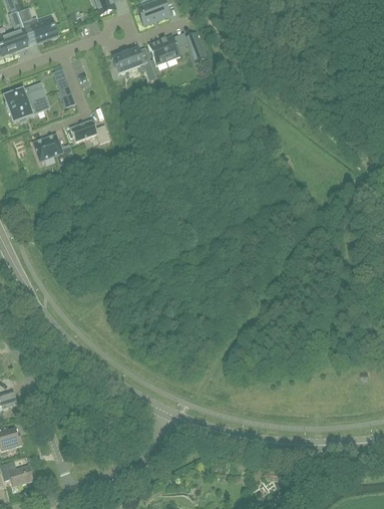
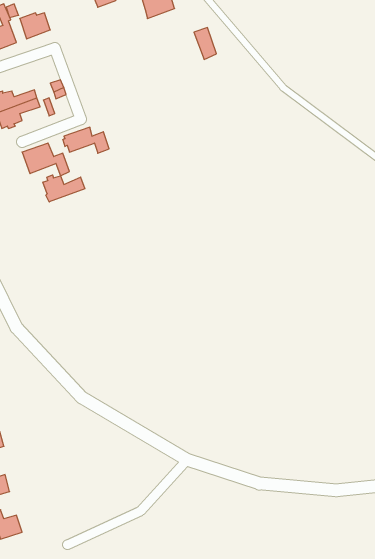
building: [148,34,180,63] -> none
building: [113,46,144,72] -> none
building: none -> [43,175,85,202]

